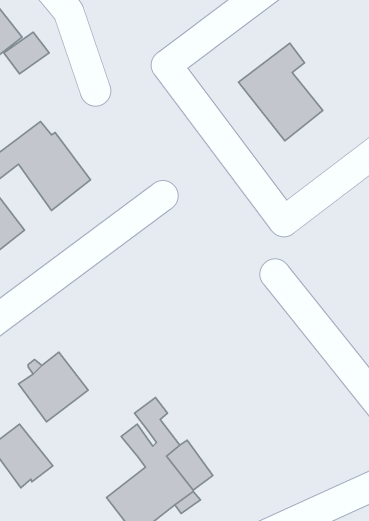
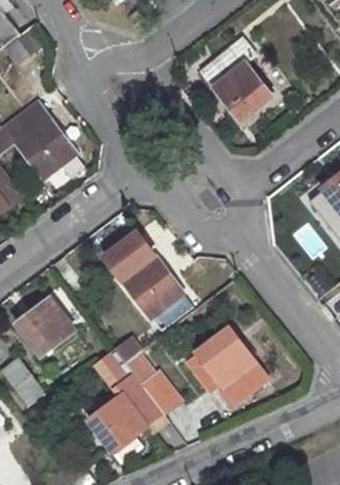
building: none -> [104,230,182,317]
building: none -> [187,327,267,402]

